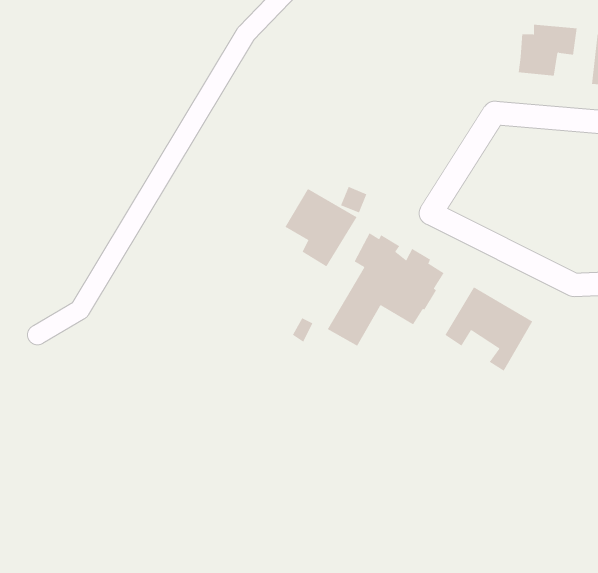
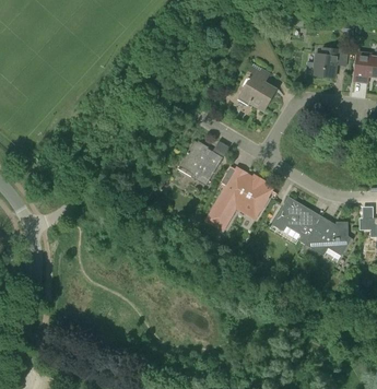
building: none -> [239,63,275,111]
building: none -> [306,216,349,256]

